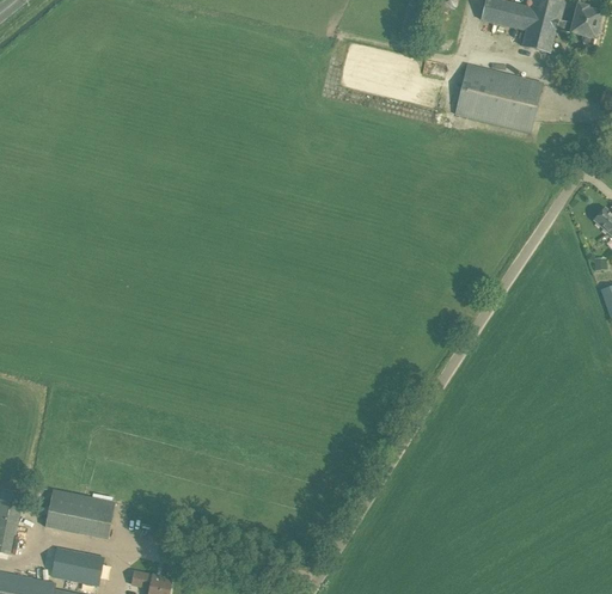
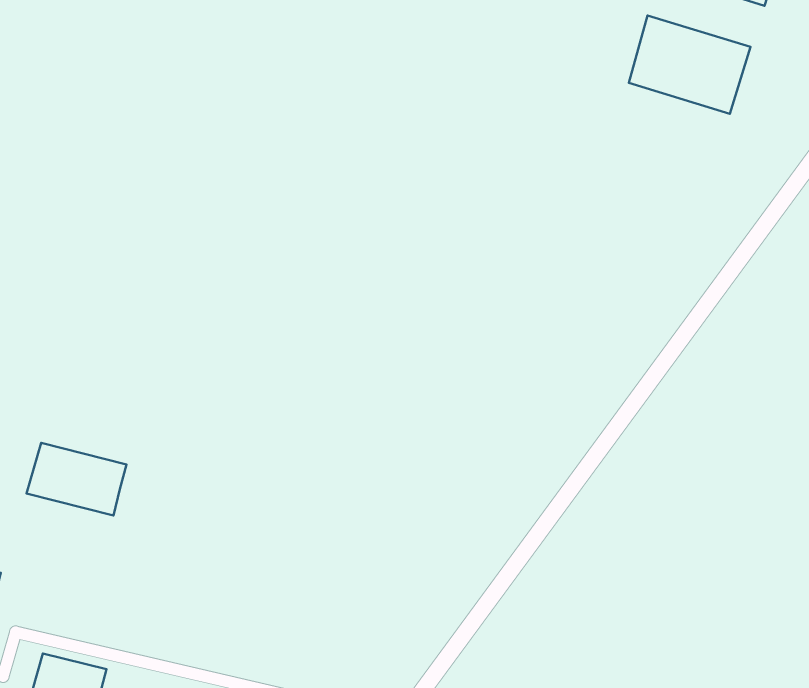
building: [45,490,116,539] -> [27,443,126,515]

